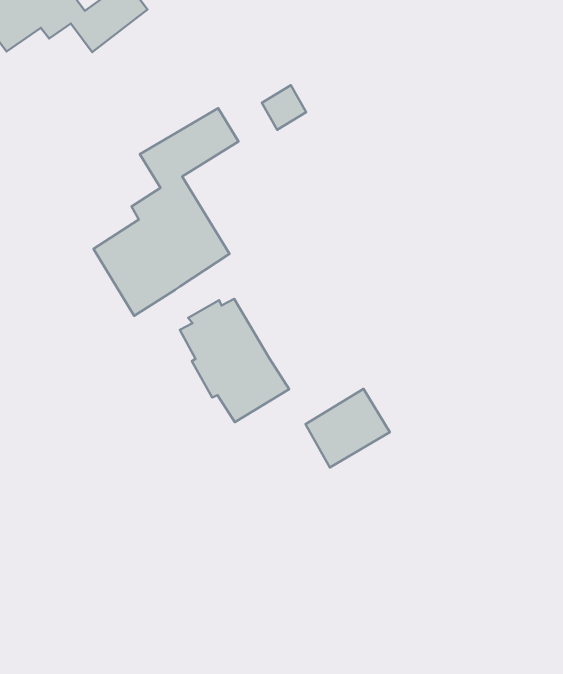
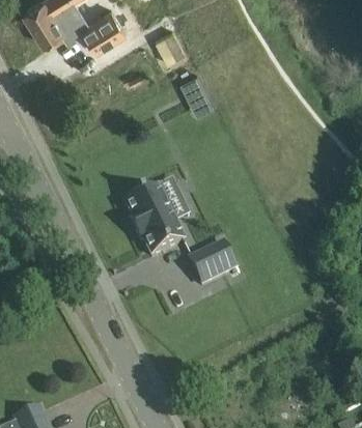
building: [94,108,239,316] -> none

